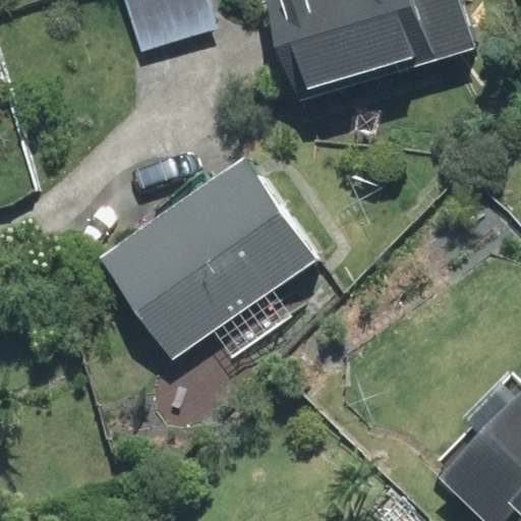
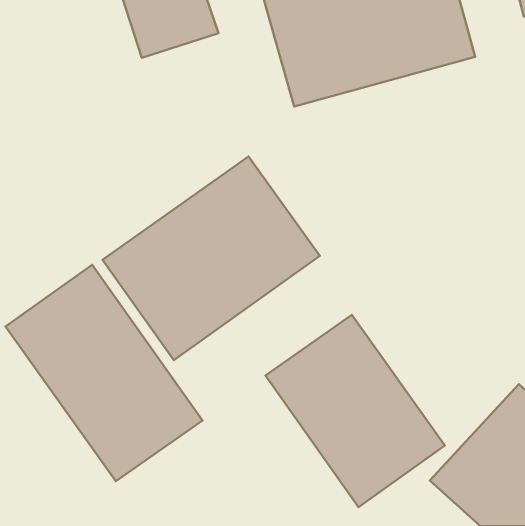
building: none -> [5,265,202,481]
building: none -> [265,315,445,507]

